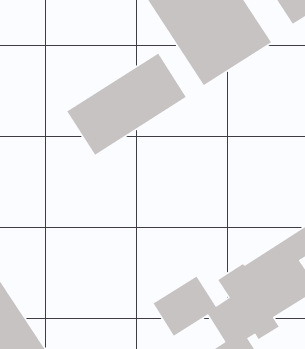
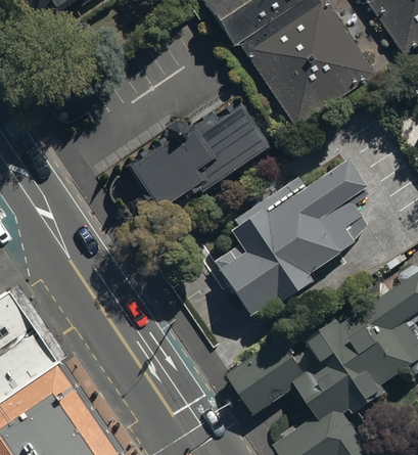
building: none -> [215,165,368,320]

